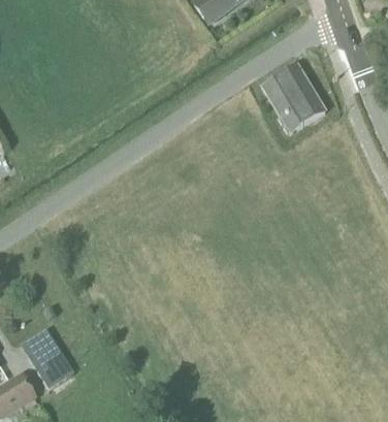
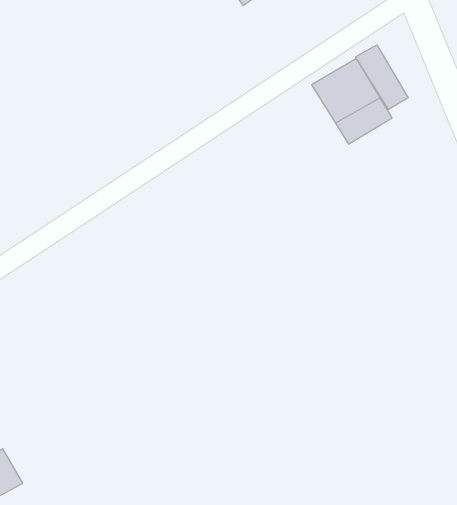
building: none -> [356,45,408,110]
building: [23,335,68,388] -> none

